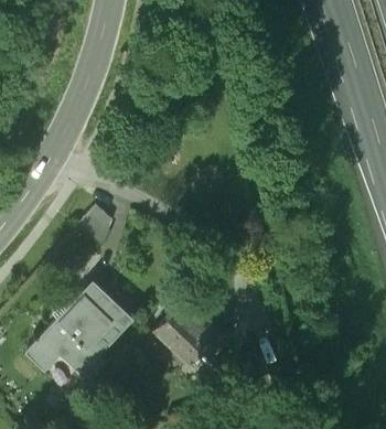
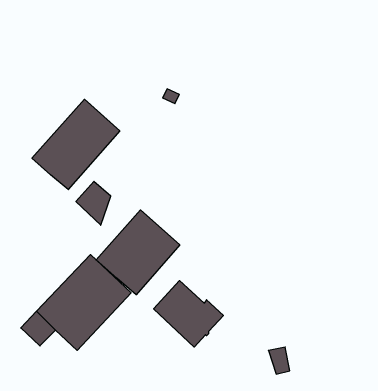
building: none -> [32,99,120,190]
building: none -> [96,210,180,295]

